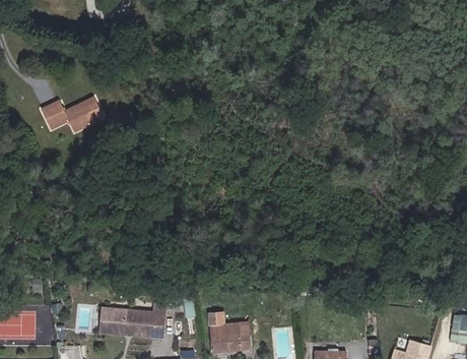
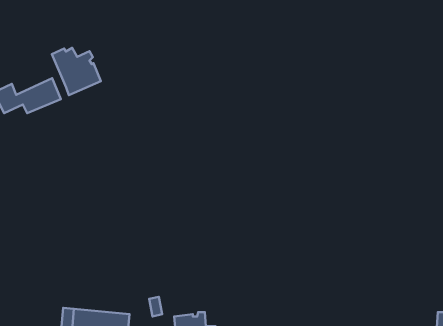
building: none -> [52,48,101,95]

